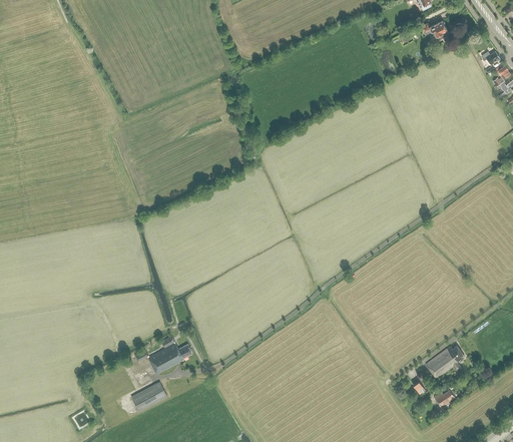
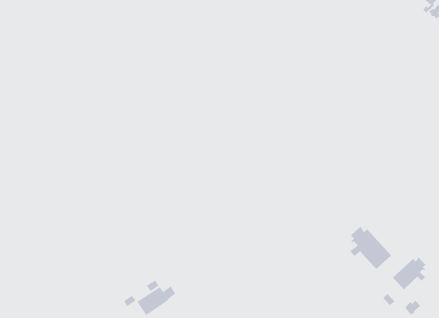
building: none -> [350,226,392,270]

